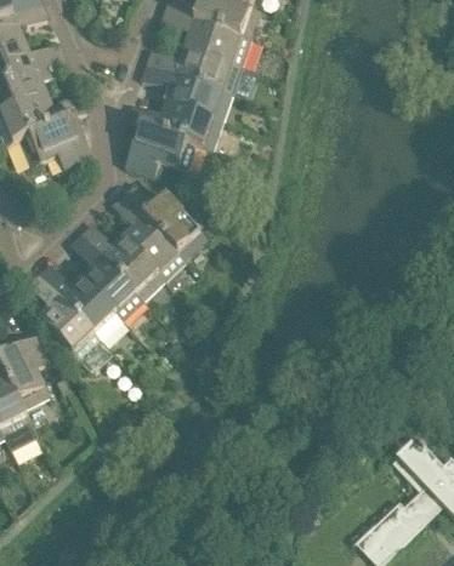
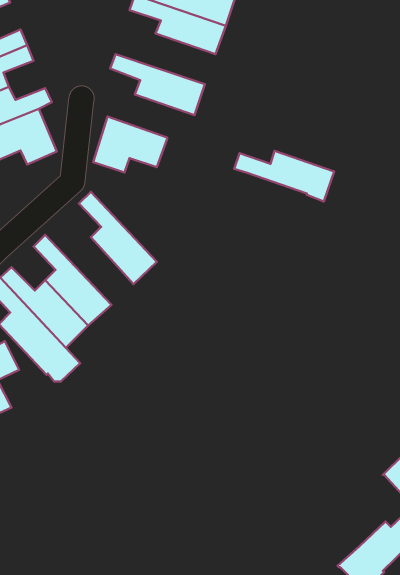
building: [147,46,240,93] -> none
building: [127,103,221,150] -> [234,151,334,201]
building: [124,183,208,259] -> none
building: [81,224,164,299] -> none

